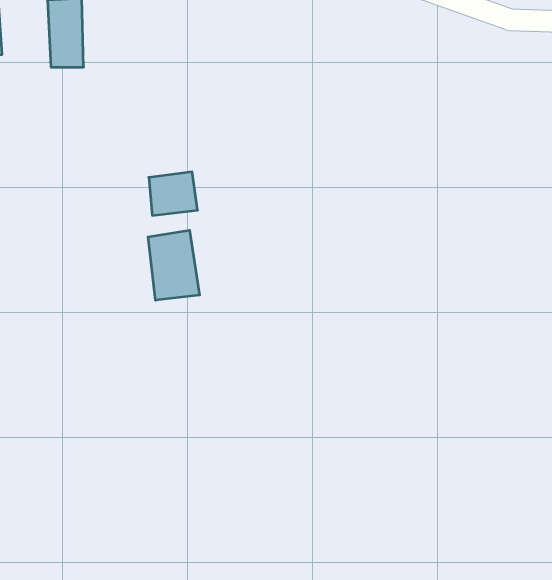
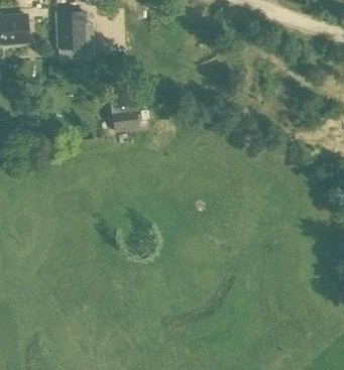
building: [148,230,200,300] -> none

